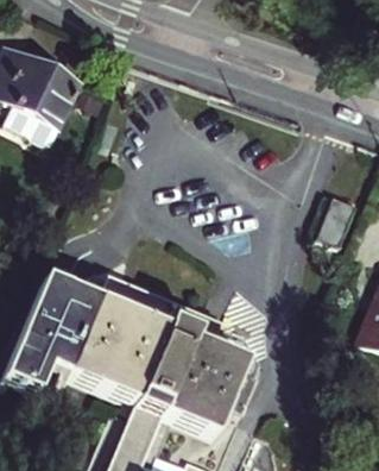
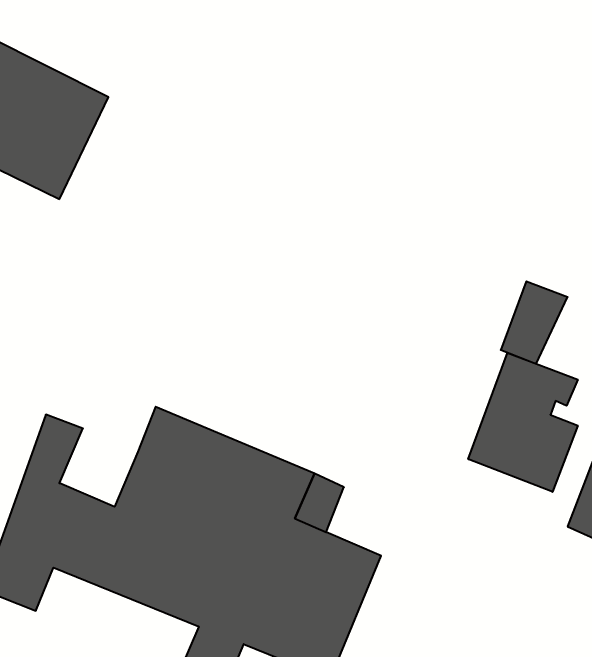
building: none -> [468,353,578,492]
building: [50,285,97,333] -> none

